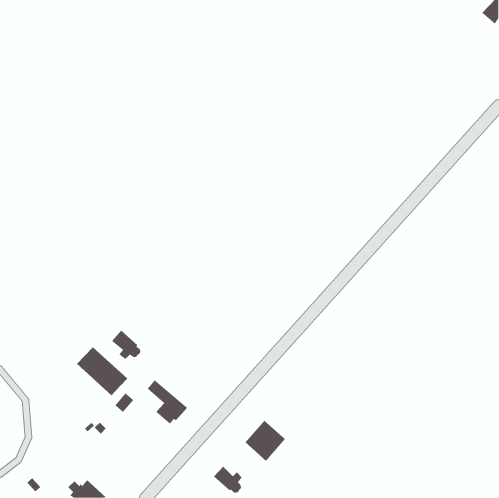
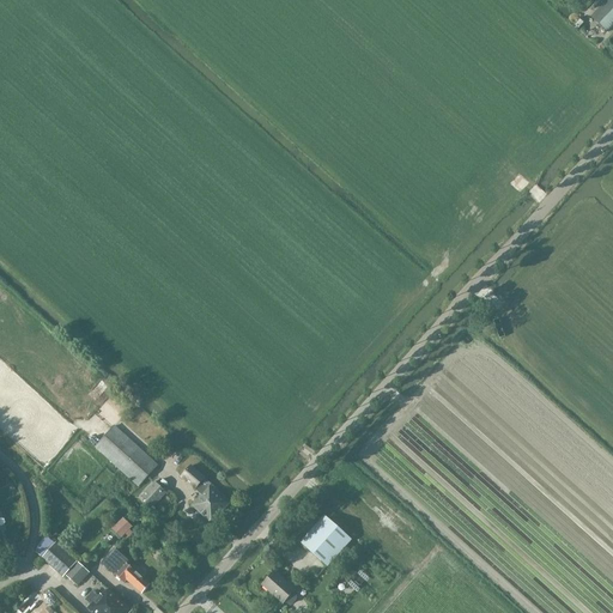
building: [111,330,141,360] -> none
building: none -> [41,541,87,584]
building: none -> [101,547,148,591]

